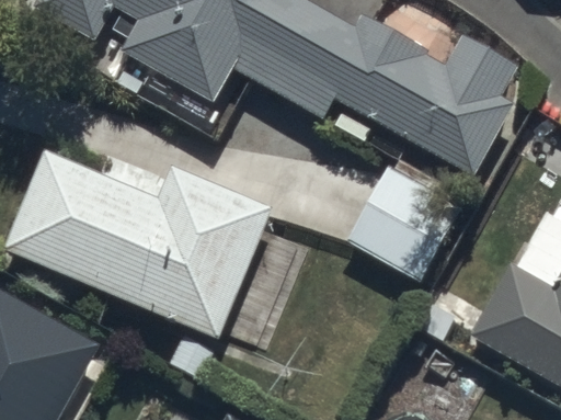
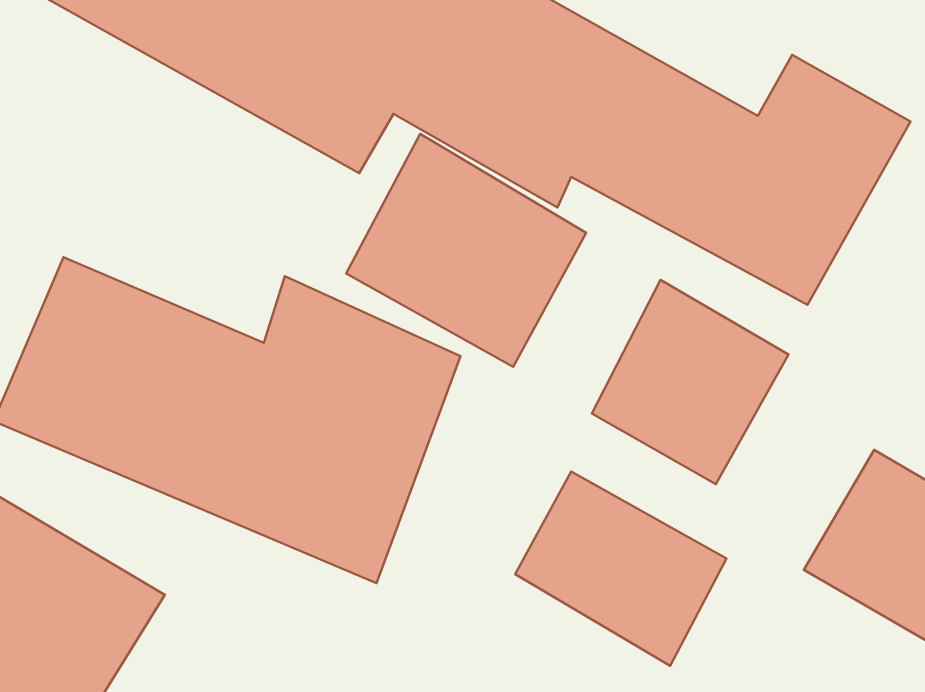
building: none -> [346,134,586,367]
building: none -> [515,471,727,666]

